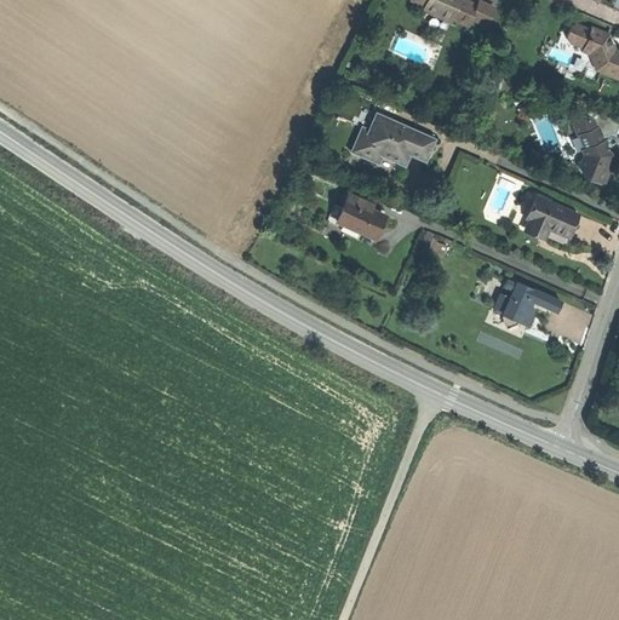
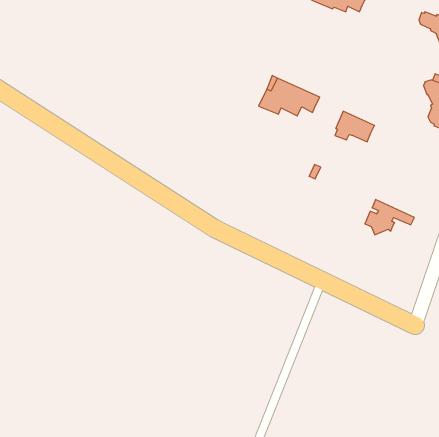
building: [338,195,384,237] -> none
building: [526,195,579,236] -> [335,111,375,142]

